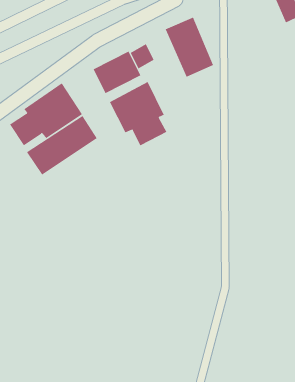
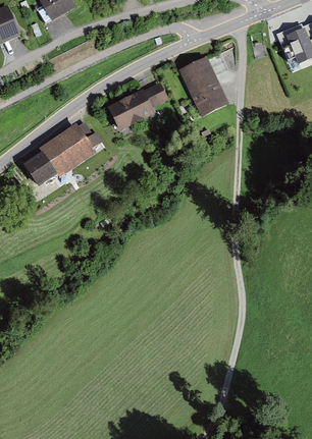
building: [109,81,167,146] -> none
building: [26,115,98,176] -> none

